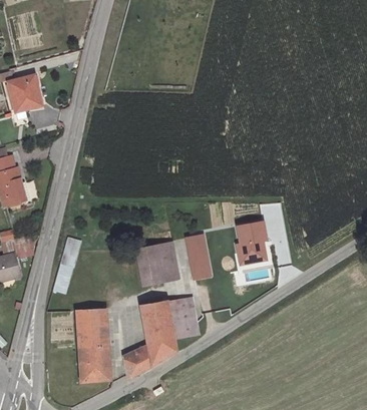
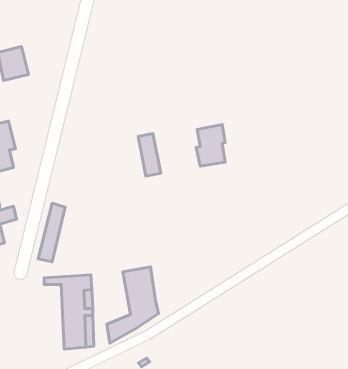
building: [237,223,266,265] -> [196,125,225,166]
building: [187,236,210,279] -> [138,133,161,176]
building: [137,243,175,285] -> none
building: [166,296,197,334] -> none

